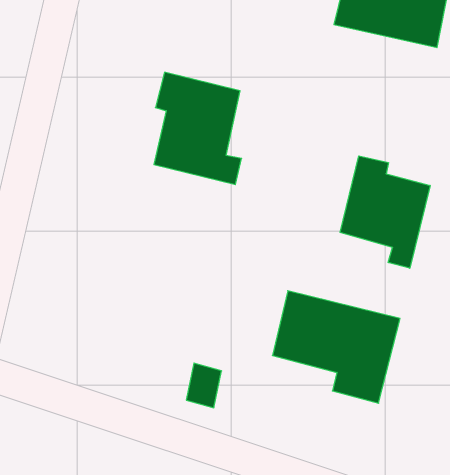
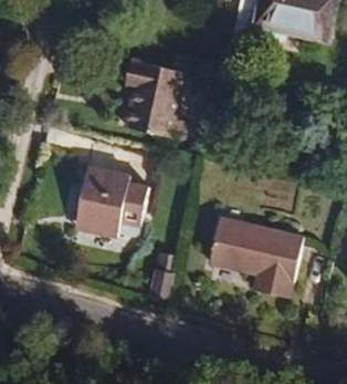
building: [340,156,430,268] -> none
building: none -> [73,166,147,239]

